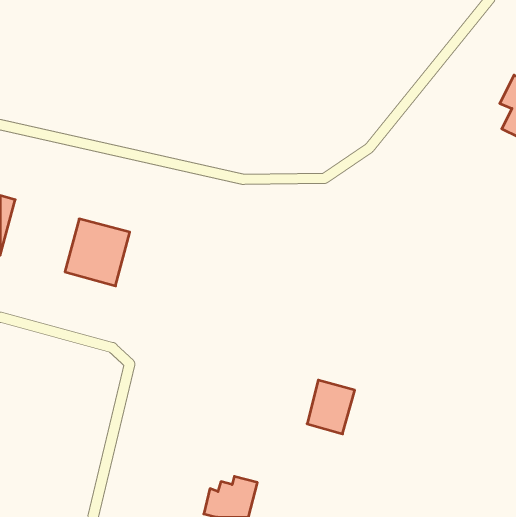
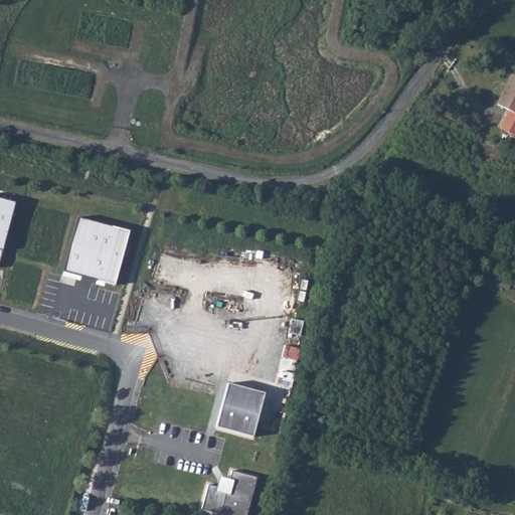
building: [307,380,355,434] -> [217,382,265,436]

